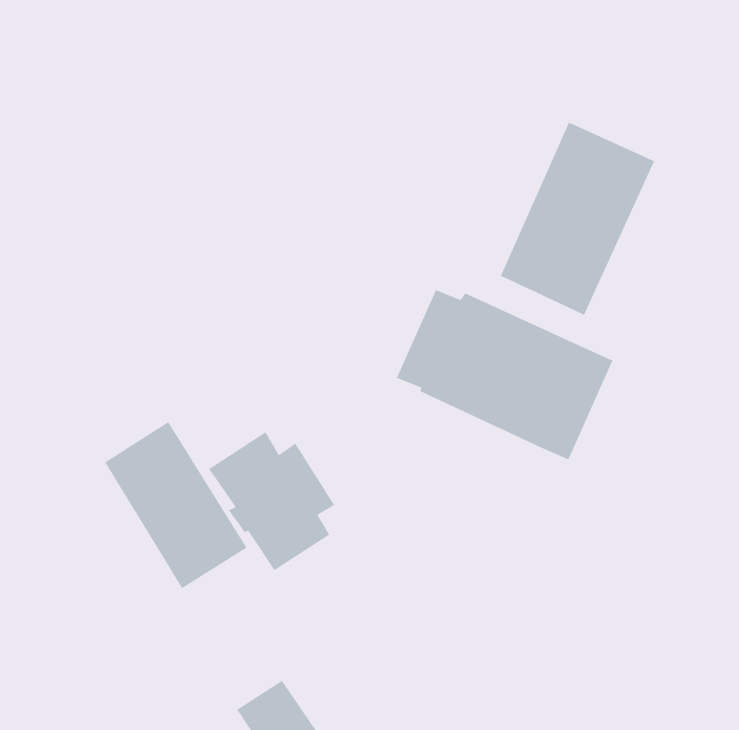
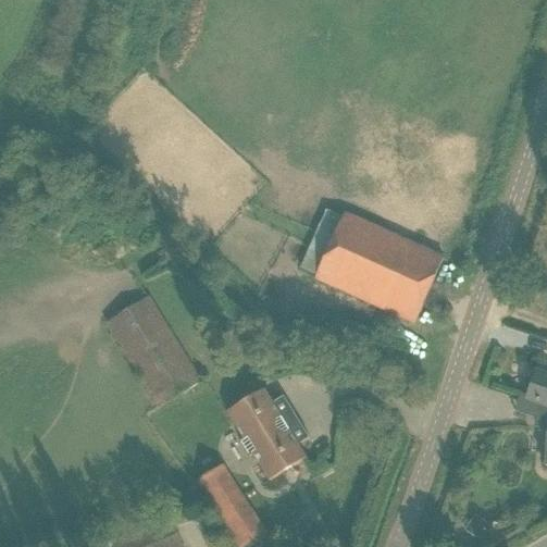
building: [500,121,655,316] -> none
building: [208,431,335,571] -> [225,387,309,480]

